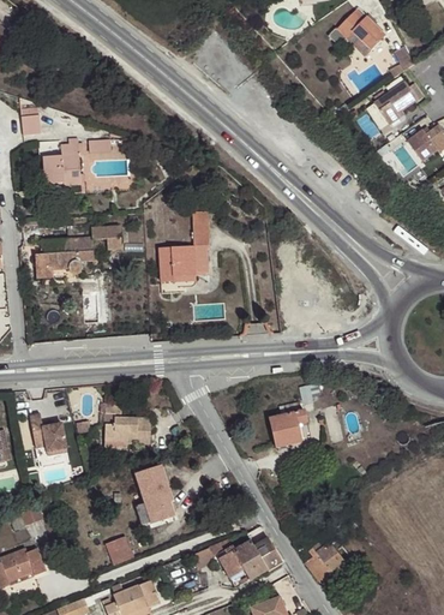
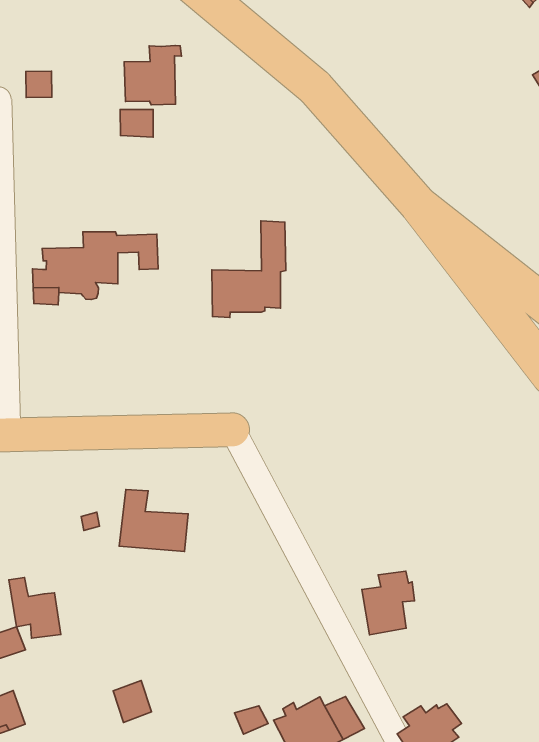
building: [43,143,83,185] -> [124,46,181,105]
building: [269,402,306,448] -> [362,571,415,635]
building: [29,413,67,455] -> [9,577,61,638]
building: [136,465,173,524] -> none

